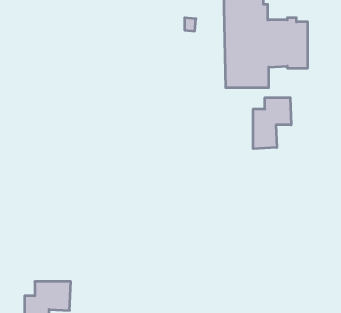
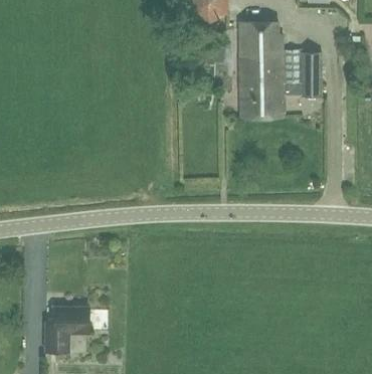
building: [253,98,291,149] -> none

